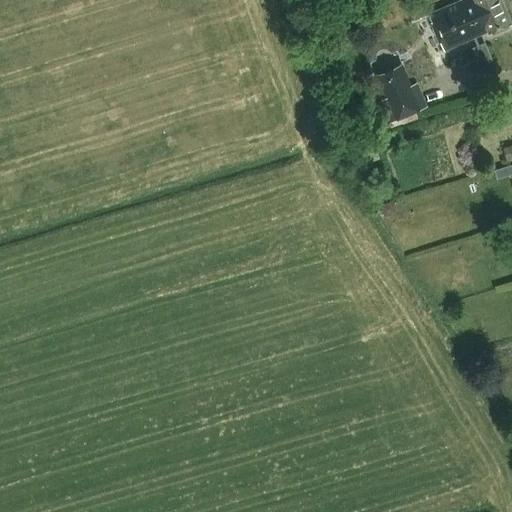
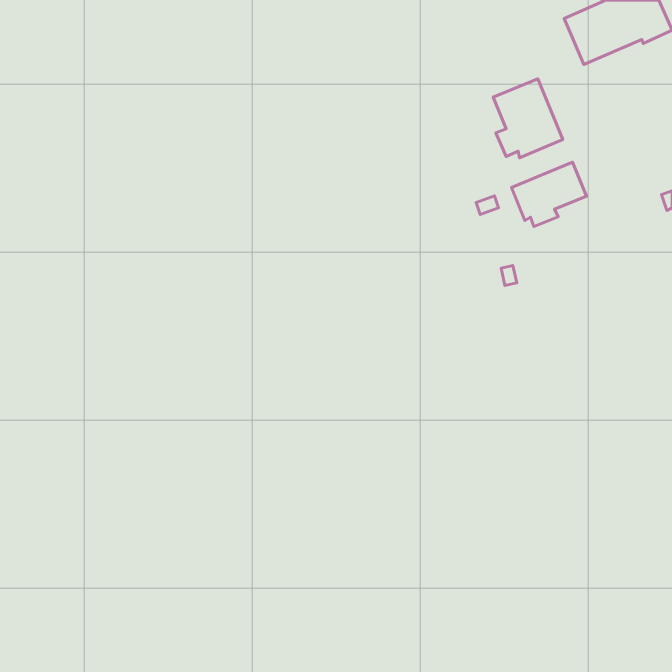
building: none -> [511,162,587,226]

